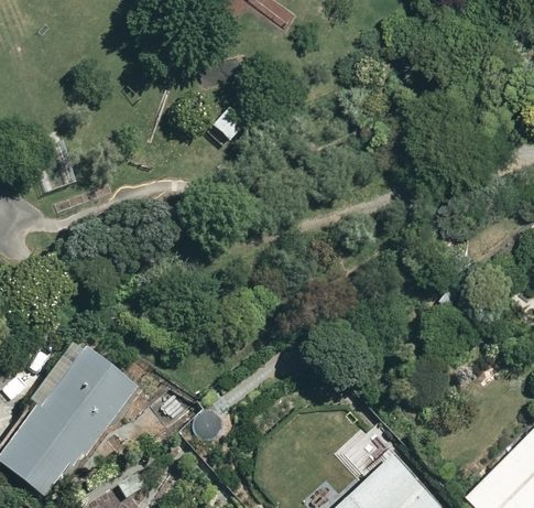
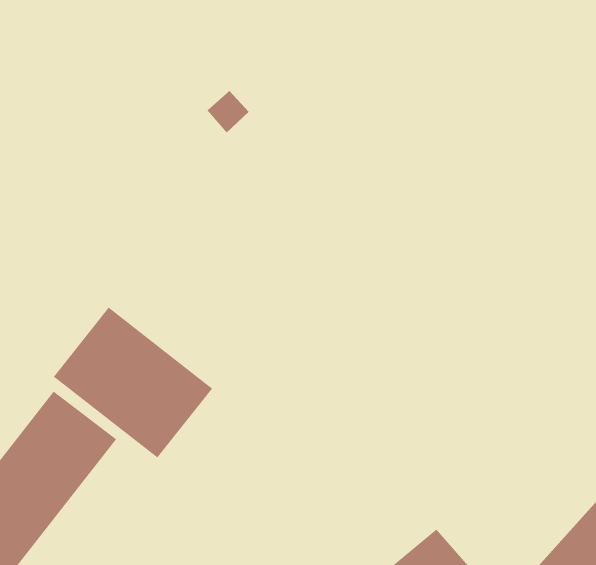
building: none -> [53,307,213,459]

